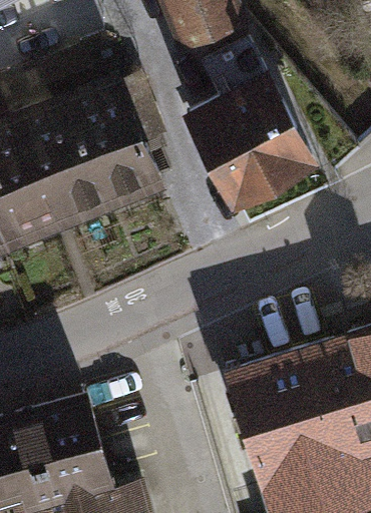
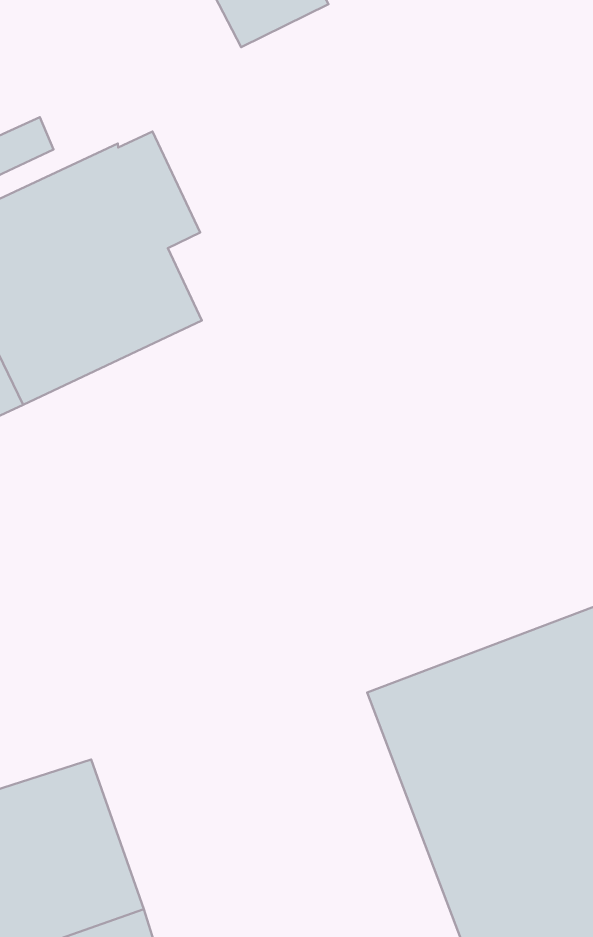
building: [192,47,314,207] -> none

